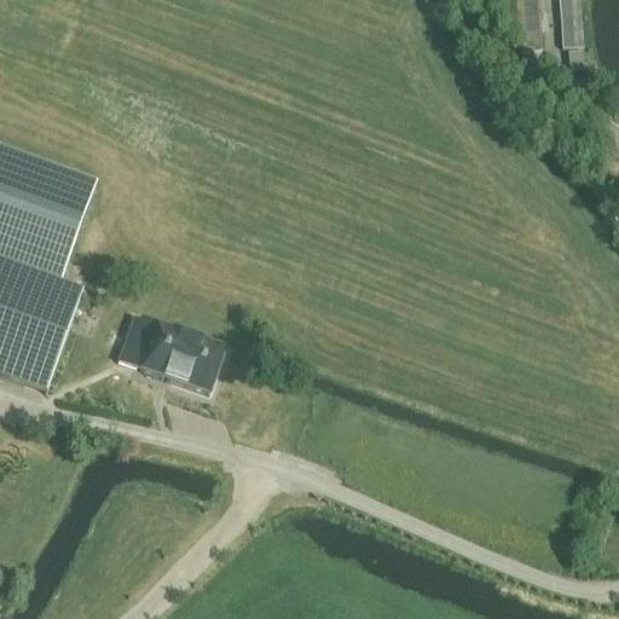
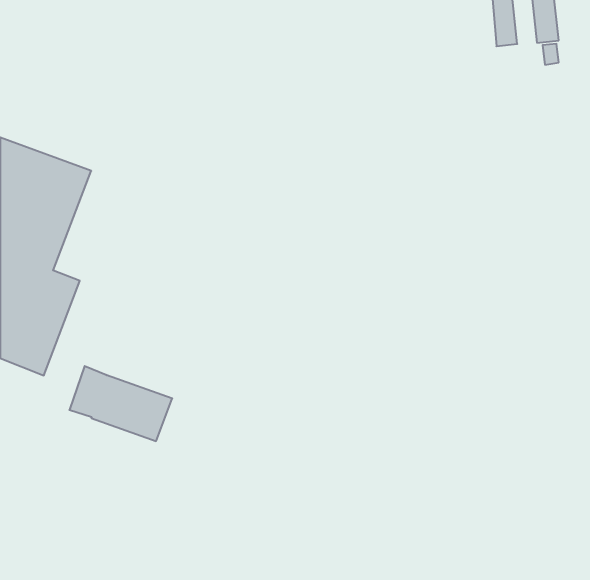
building: [117,311,225,389] -> [69,366,172,441]

